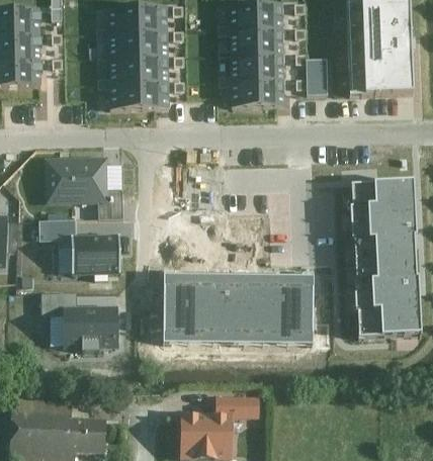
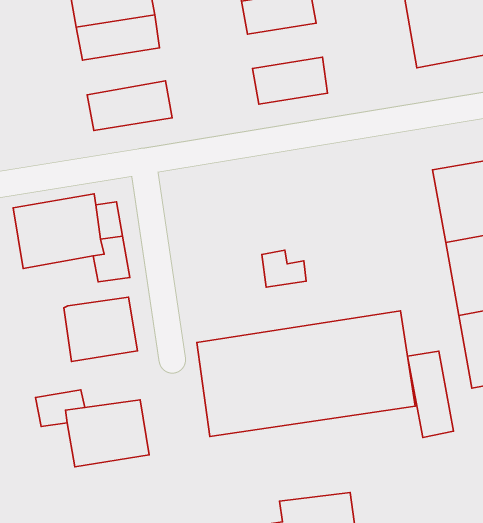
building: [230,56,281,82] -> none
building: [108,58,166,84] -> none
building: [305,59,325,96] -> none
building: none -> [262,250,306,287]
building: [36,219,73,240] -> none
building: none -> [407,351,454,438]

